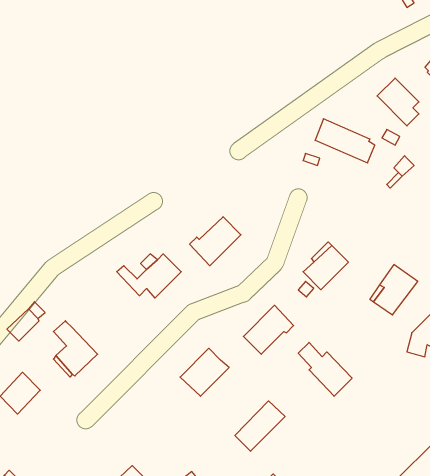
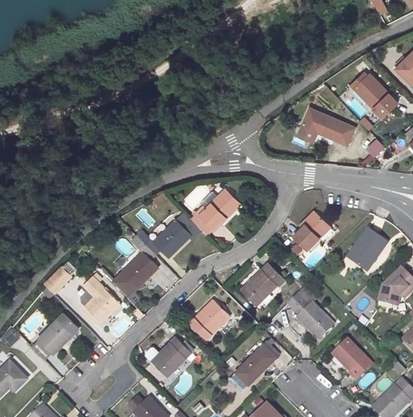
building: none -> [111,249,158,297]
building: none -> [151,336,191,376]
building: none -> [332,338,371,378]

